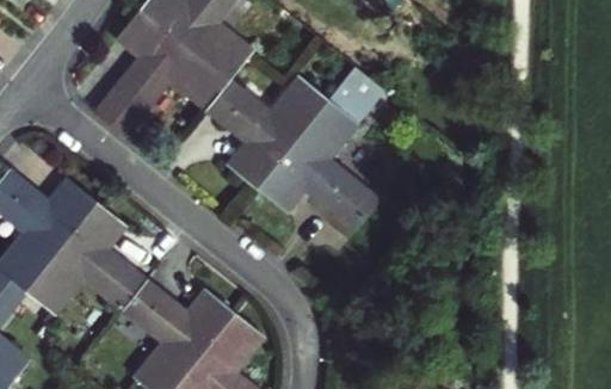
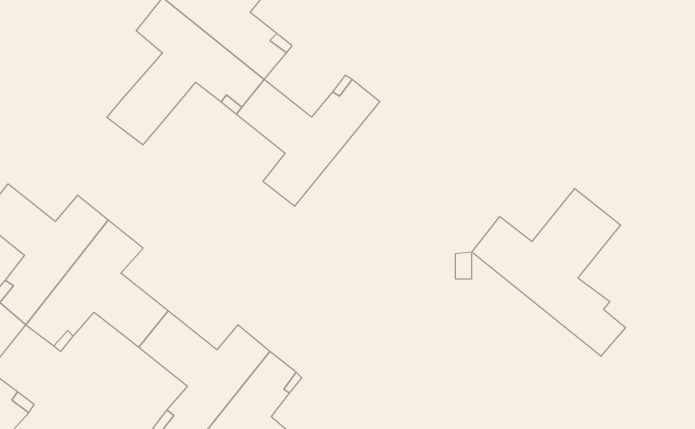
building: [255,66,387,231] -> none
building: none -> [472,188,626,356]

